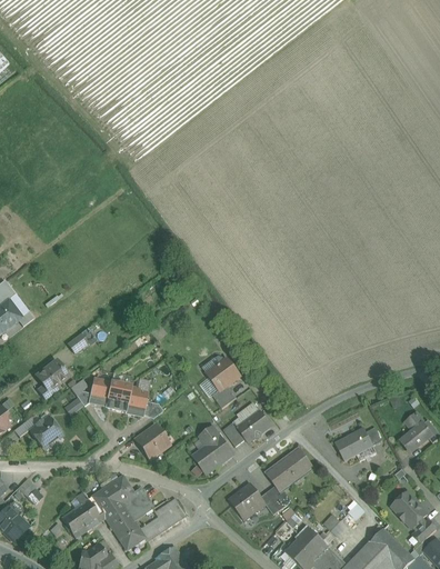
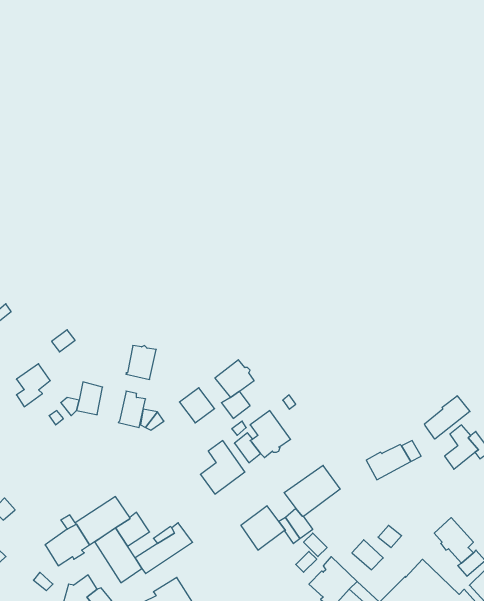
building: [104,381,130,410] -> [126,346,156,379]
building: none -> [425,396,470,439]
building: [29,416,59,446] -> none
building: [137,426,167,456] -> [179,388,215,423]

